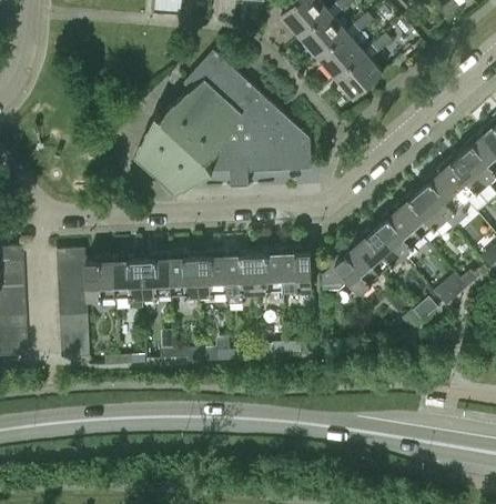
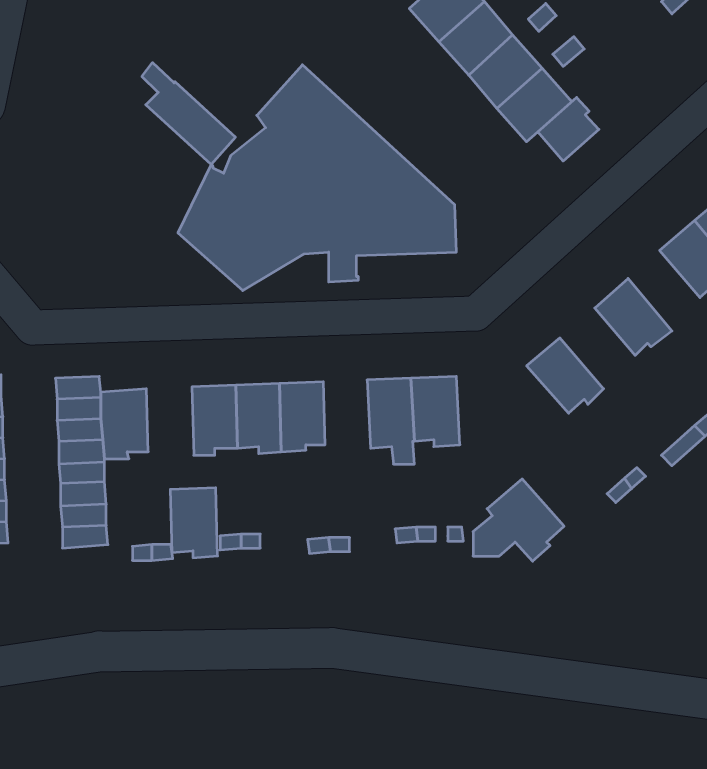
building: none -> [142,63,235,165]
building: none -> [538,97,599,161]
building: [419,169,465,220] -> none
building: [376,205,424,256] -> none
building: [324,242,382,294] -> [473,479,564,561]
building: [226,251,256,306] -> none
building: [114,255,144,300] -> [170,488,218,558]

